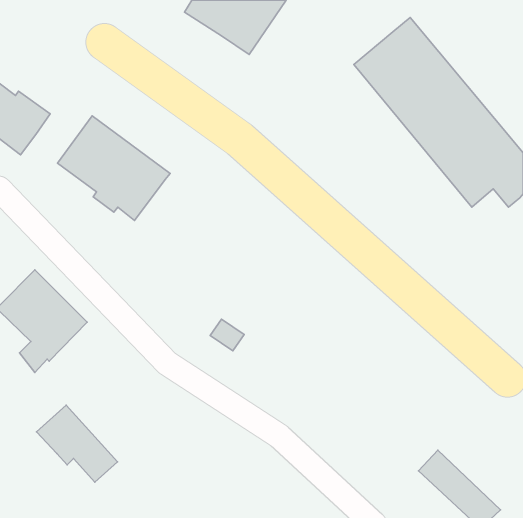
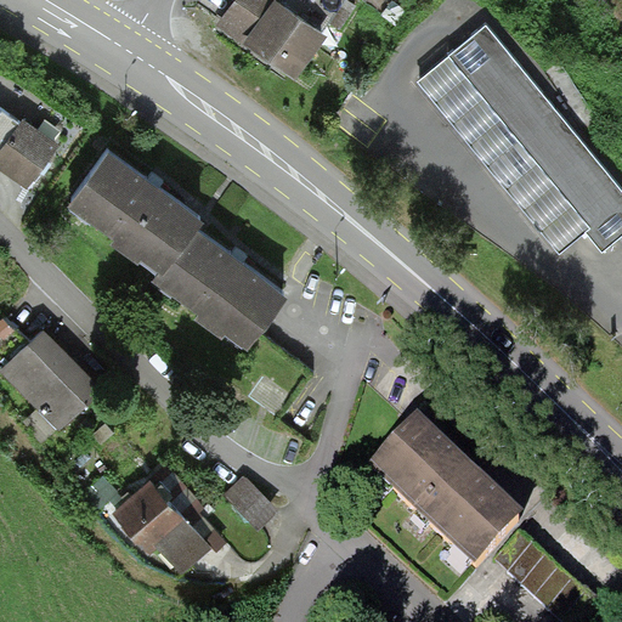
building: none -> [153,220,283,341]
building: none -> [368,422,524,575]
building: none -> [222,477,278,532]
building: [36,405,117,482] -> [115,480,211,571]

